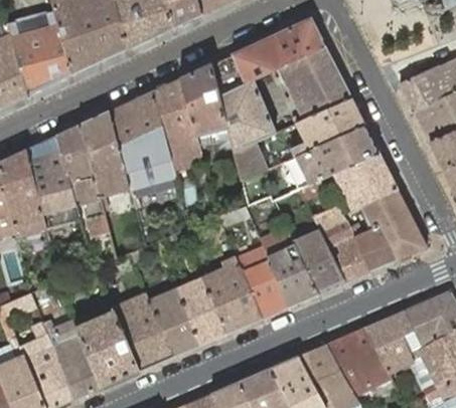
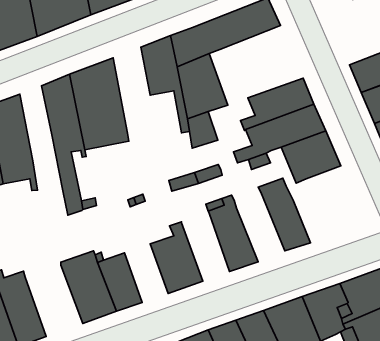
building: [264,46,352,128] -> none
building: [153,78,203,169] -> none
building: [58,126,110,237] -> none
building: [350,188,427,270] -> none
building: [295,232,345,293] -> none
building: [236,246,289,318] -> none
building: [178,282,226,344] -> none
building: [77,311,140,386] -> none

